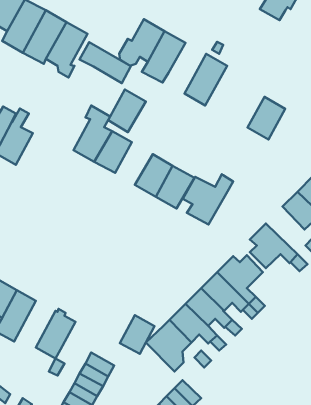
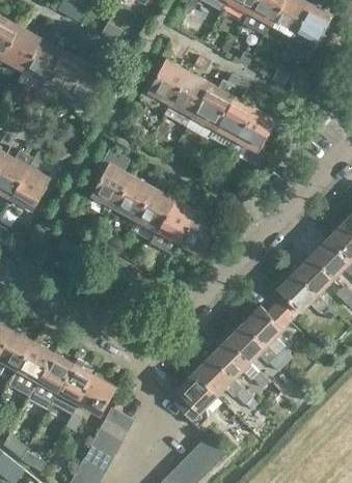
building: [79,42,131,83] -> none
building: none -> [191,83,231,126]
building: [108,89,146,132] -> [135,187,174,231]
building: [248,97,285,140] -> [235,107,274,151]
building: [183,174,233,225] -> none
building: none -> [293,254,333,294]
building: none -> [27,352,73,409]
building: [120,315,155,354] -> [78,374,114,415]

